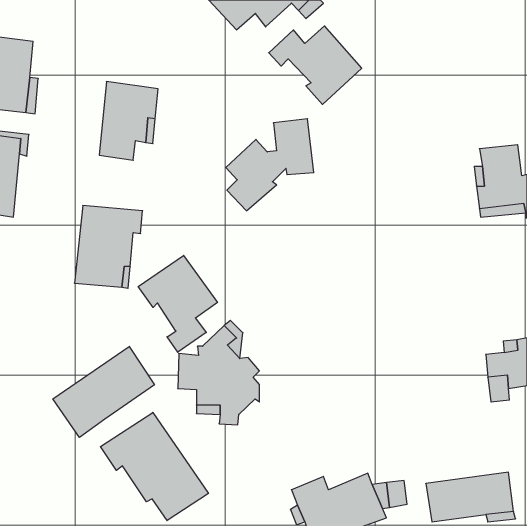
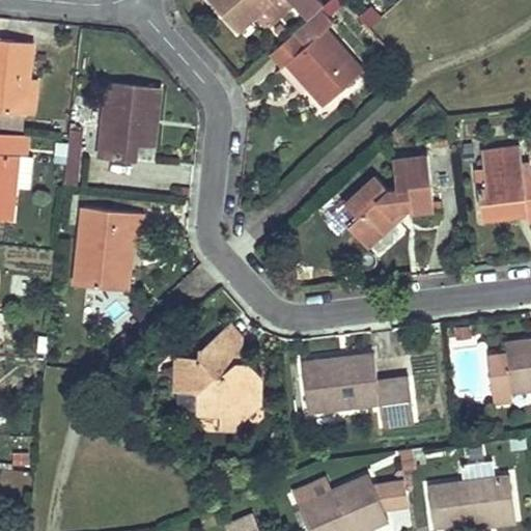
building: [226,119,314,211] -> [345,156,434,248]
building: [138,255,217,352] -> none
building: [53,346,154,437] -> none
building: none -> [300,357,413,425]
building: [100,412,208,521] -> none

